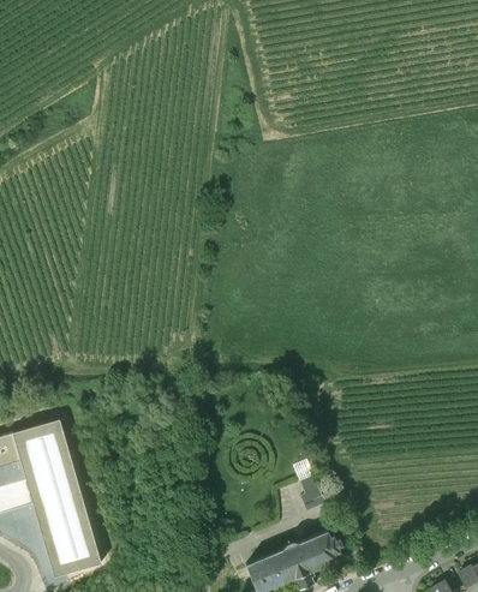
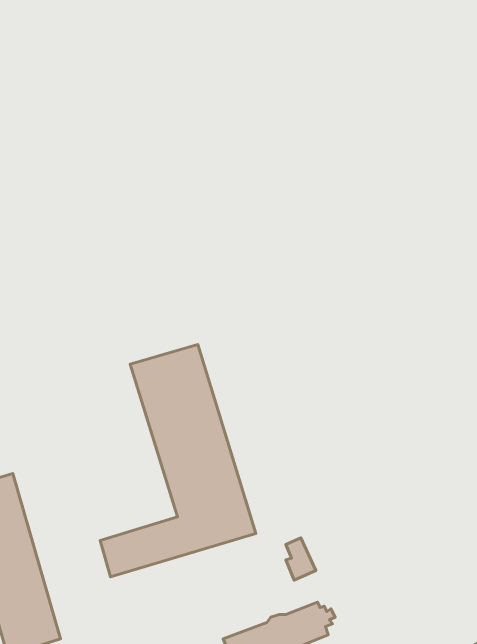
building: none -> [100,345,256,577]

